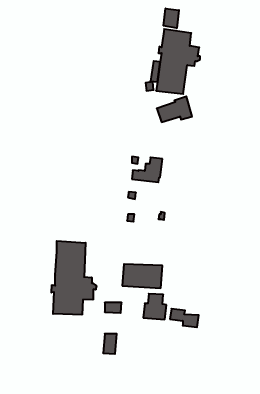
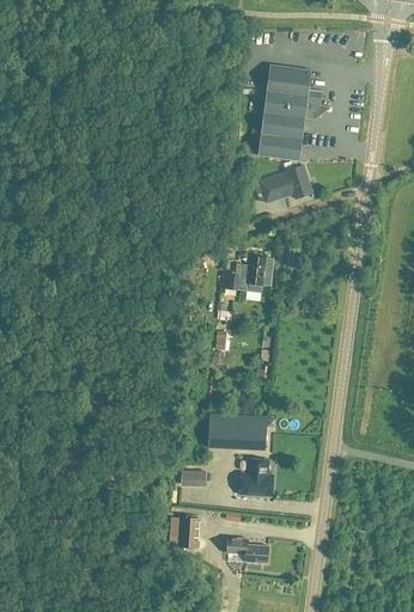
building: [164,8,179,28] -> none
building: [51,241,96,315] -> none
building: [170,309,199,327] -> [225,536,268,563]

